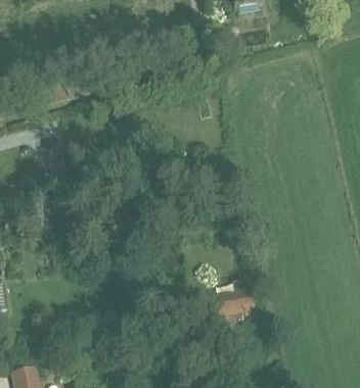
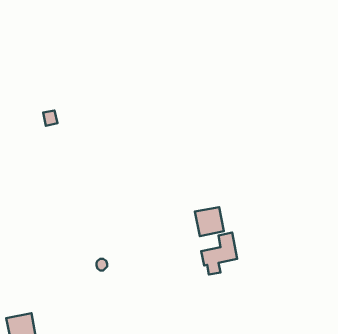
building: none -> [195,207,224,236]

